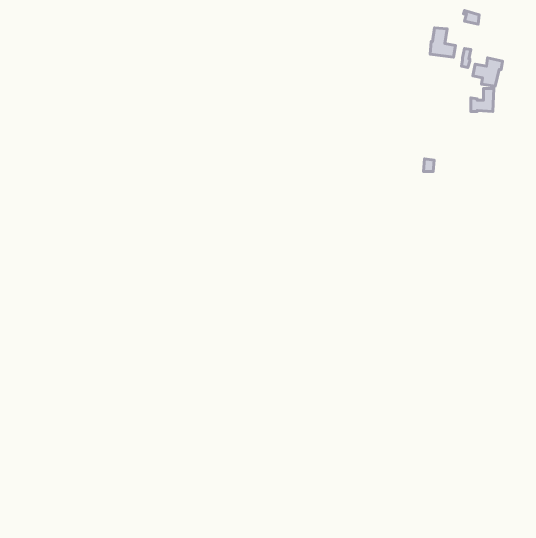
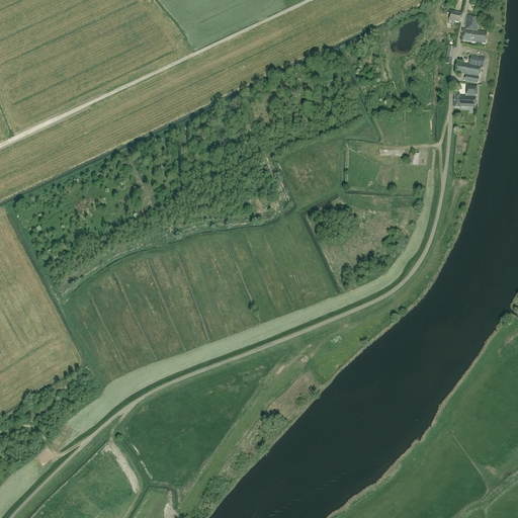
building: [430,28,455,57] -> [462,16,487,45]

